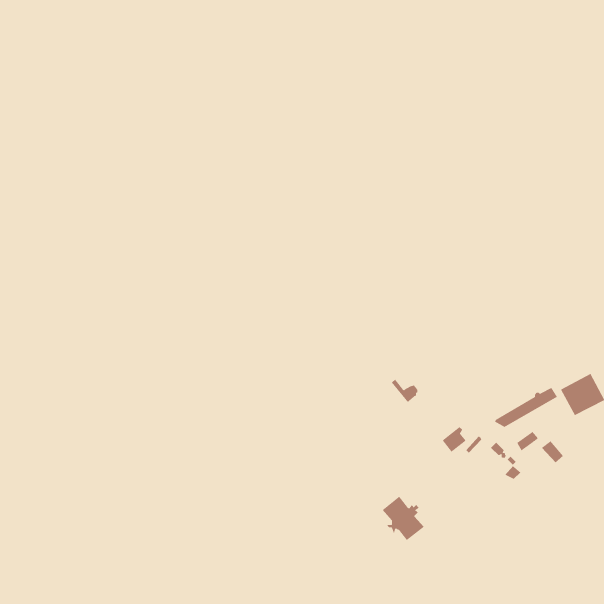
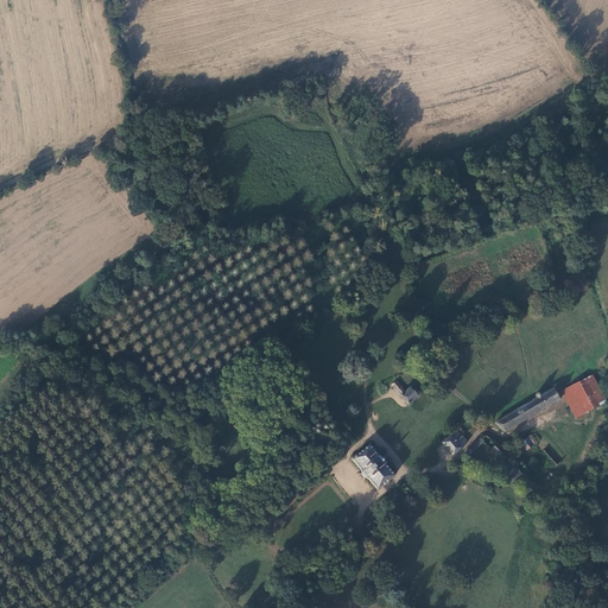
building: [382,496,424,541] -> [353,444,395,489]

